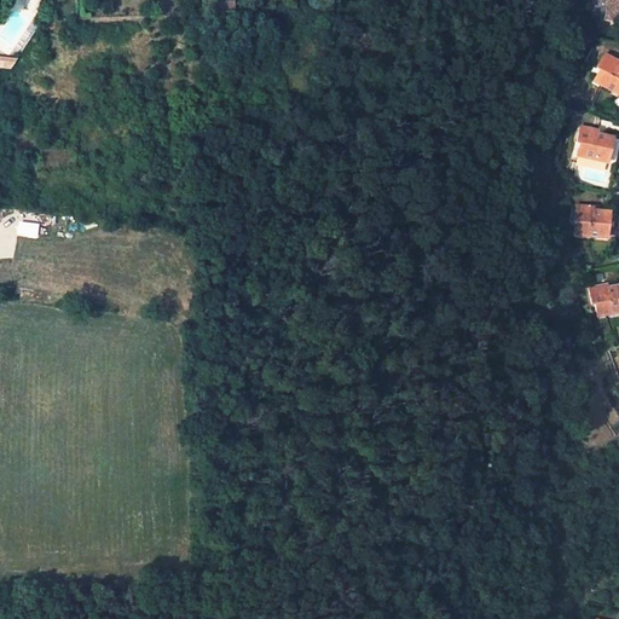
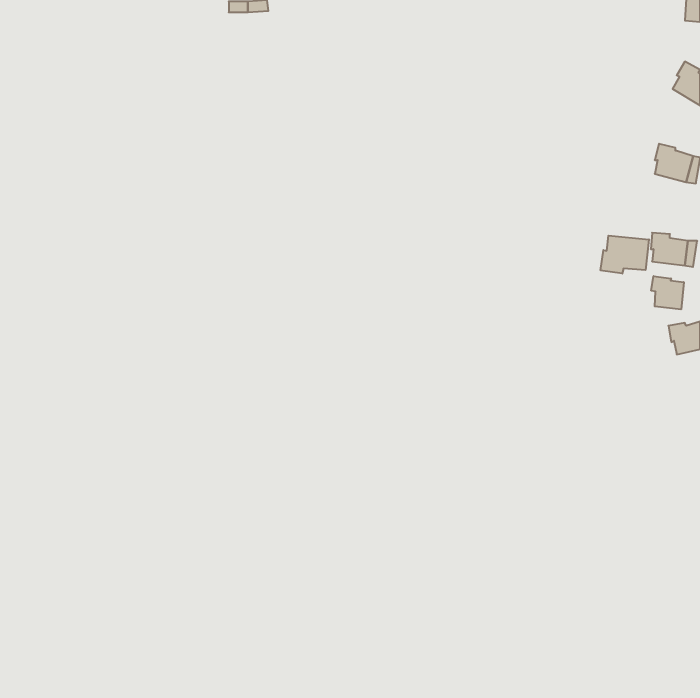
building: none -> [601,236,649,274]
building: none -> [651,276,684,309]

